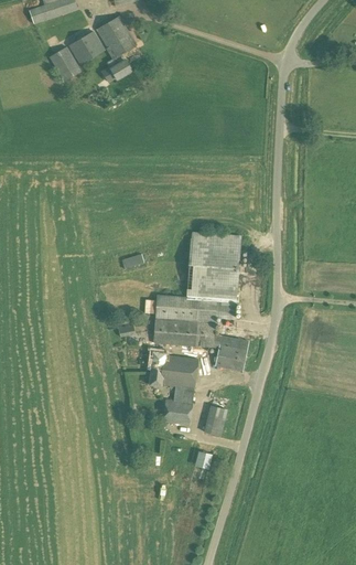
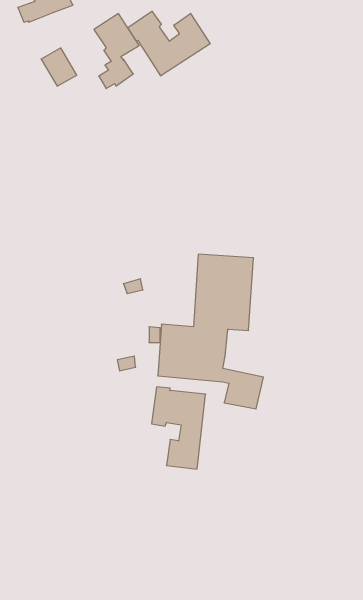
building: none -> [128,11,210,76]
building: [68,30,105,65] -> none
building: [205,404,227,435] -> none

